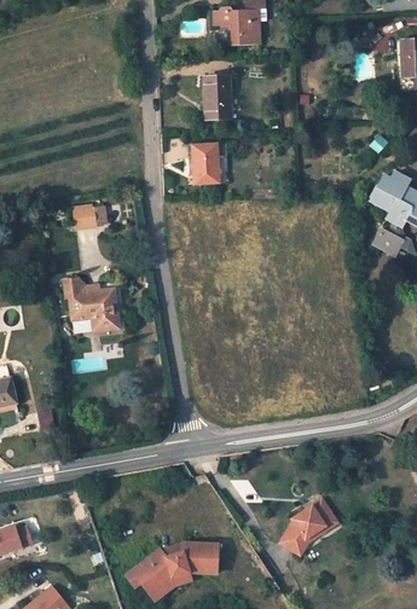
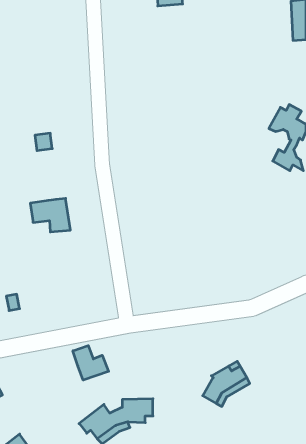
building: [203,76,230,120] -> none
building: [191,143,227,185] -> none
building: none -> [73,346,109,380]

